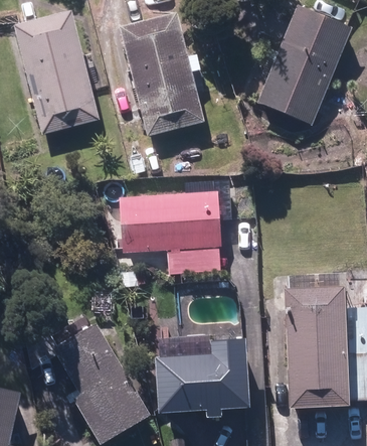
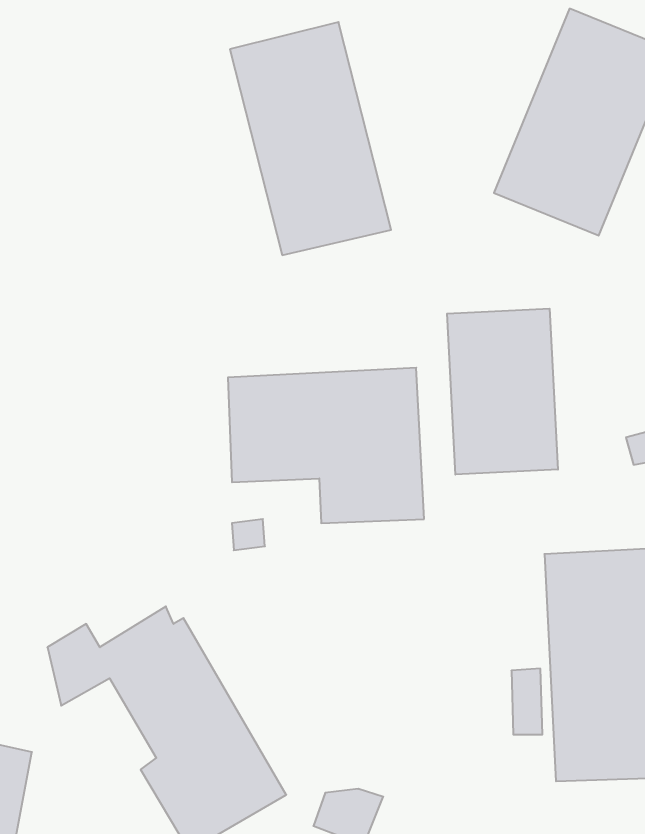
building: [14,11,99,134] -> none
building: none -> [447,309,558,475]
building: [155,334,248,416] -> none

